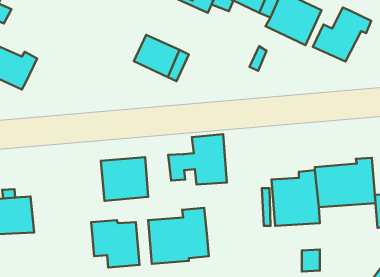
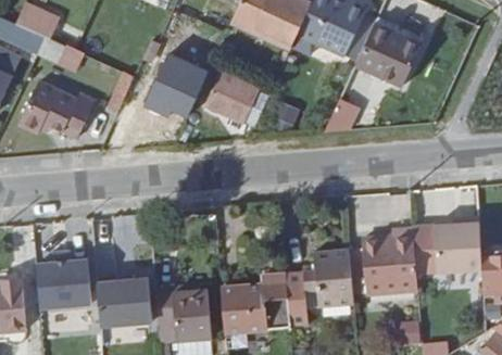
building: [313,7,371,61] -> none
building: none -> [143,53,208,118]
building: [168,134,227,184] -> [286,249,353,306]
building: [101,157,148,201] -> [96,278,150,328]

